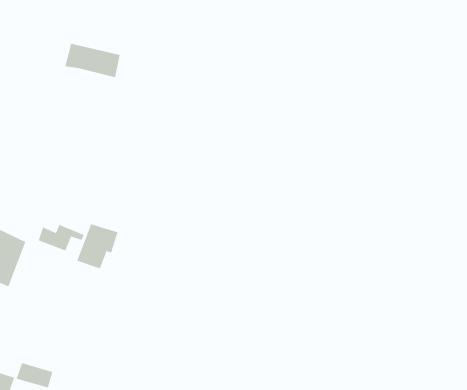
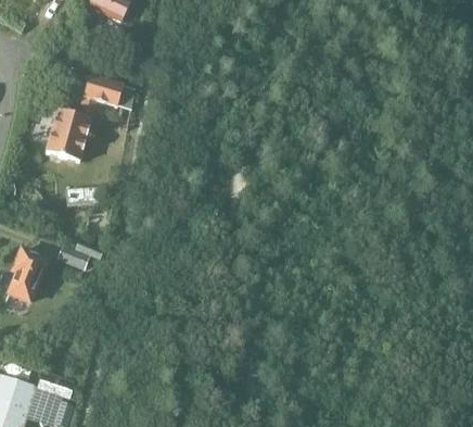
building: none -> [46,97,95,162]
building: [76,223,118,269] -> none

